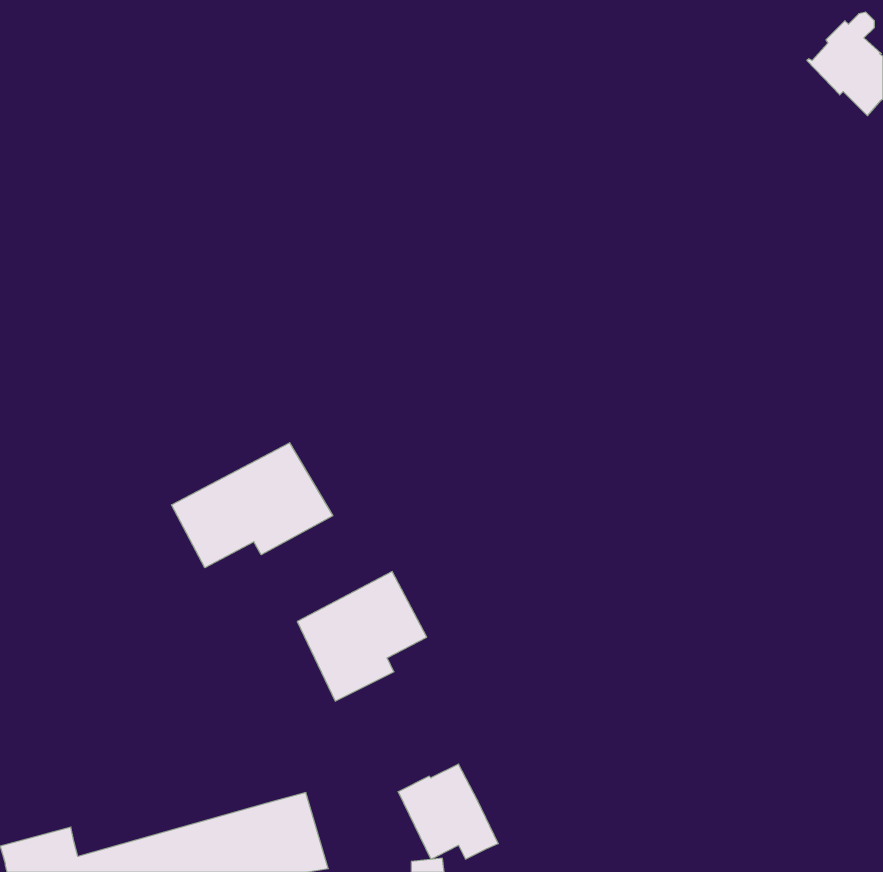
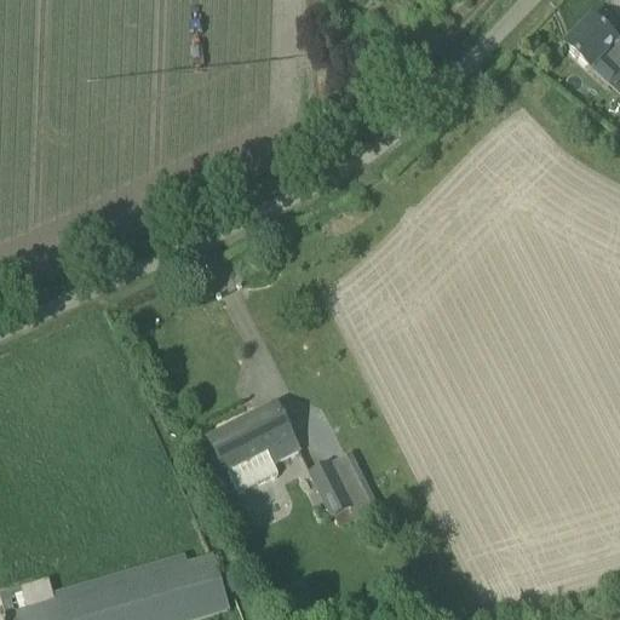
building: [172,443,333,568] -> none
building: [398,764,498,859] -> [308,449,378,516]

